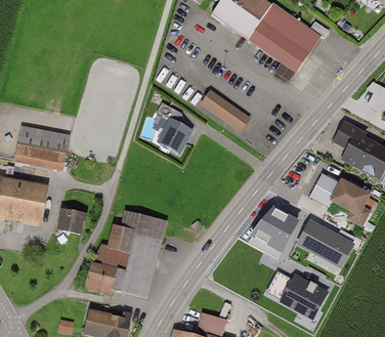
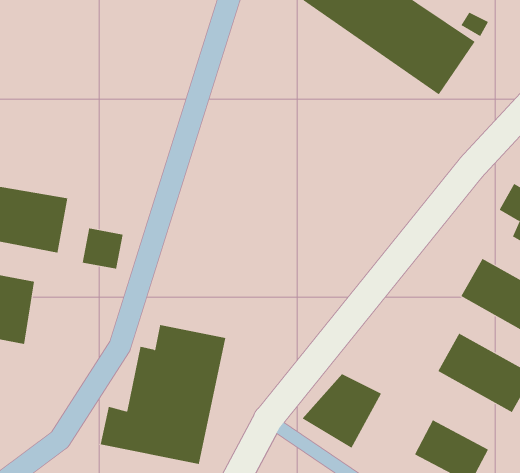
building: [202,90,248,129] -> none
building: [156,116,194,154] -> none
building: [249,204,298,250] -> [302,374,382,448]
building: [57,209,83,235] -> [82,228,123,269]

